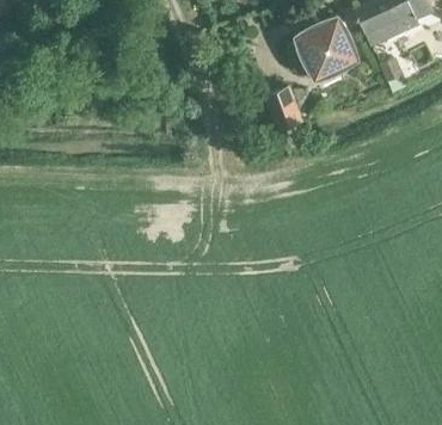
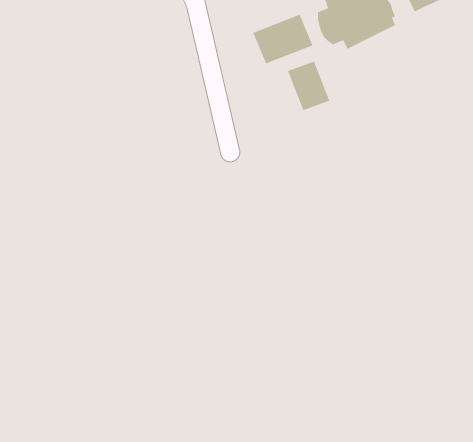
building: none -> [253,14,313,64]

